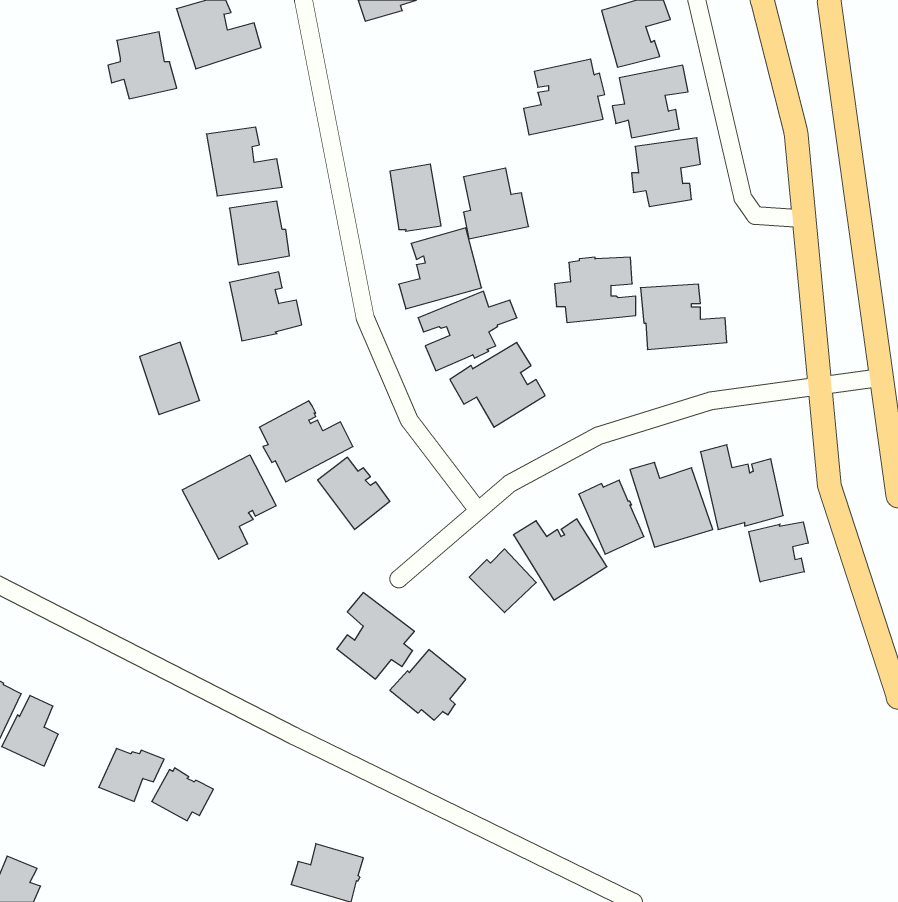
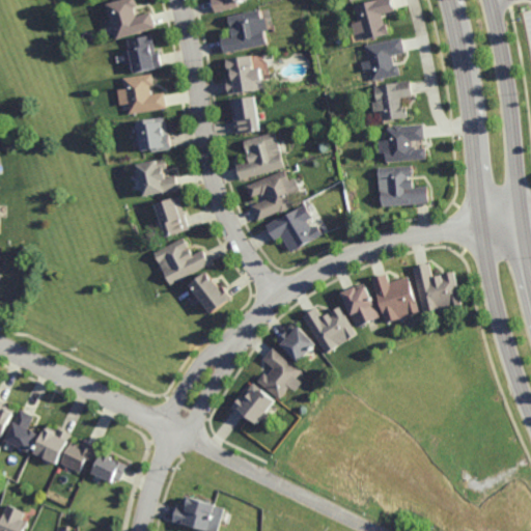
building: [108,32,177,99] -> [120,35,161,75]
building: [524,59,605,135] -> [219,10,267,55]
building: [463,168,529,239] -> [224,55,262,96]
building: [555,257,636,323] -> [378,125,425,164]
building: [140,342,200,415] -> [152,193,188,235]
building: [182,455,276,559] -> none
building: [749,522,808,582] -> none
building: [337,593,414,679] -> [256,346,302,397]
building: none -> [30,425,69,464]

